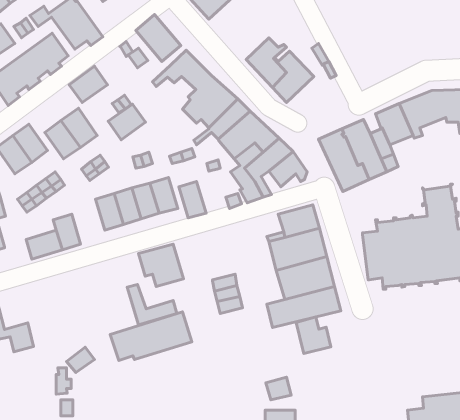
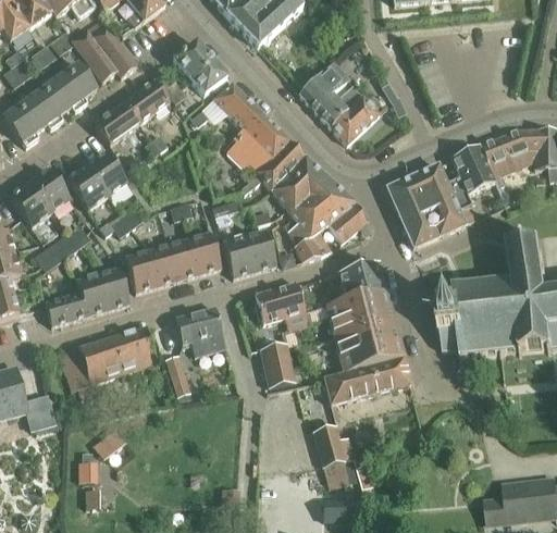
building: [108,104,146,140] -> [124,82,168,123]
building: none -> [243,230,274,272]
building: none -> [98,268,129,308]
building: none -> [255,282,309,330]
building: [110,312,192,361] -> [61,329,156,385]
building: [296,317,331,353] -> [310,425,350,468]

